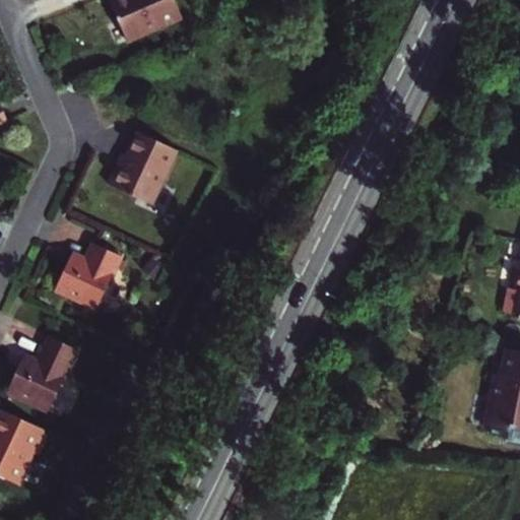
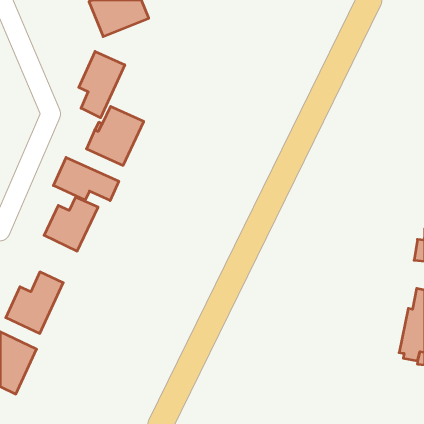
building: none -> [79,51,125,118]
building: none -> [53,157,119,201]

